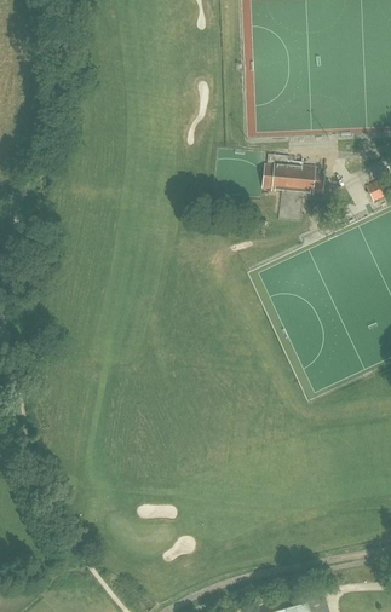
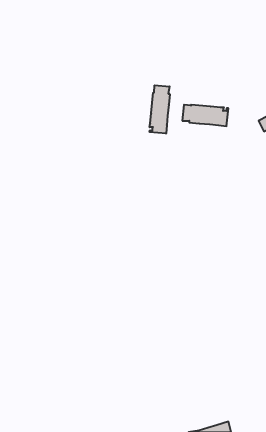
building: none -> [150,85,170,134]

